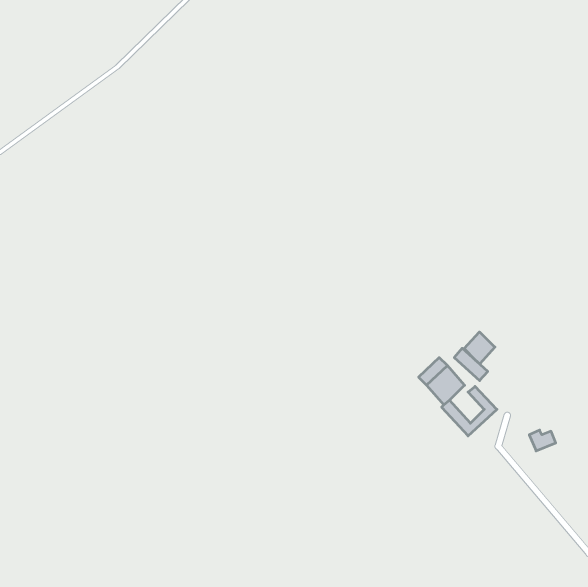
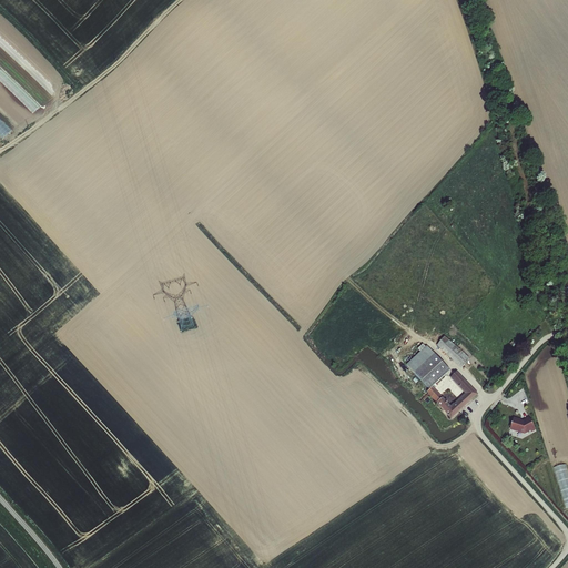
building: [464,332,495,364] -> none

